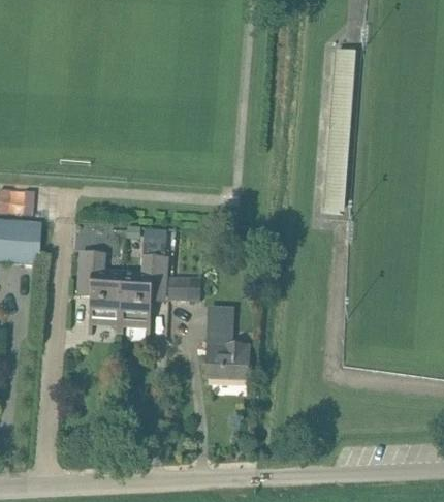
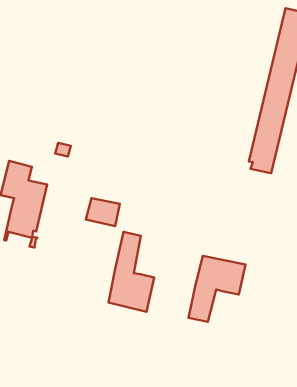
building: [117,241,167,336] -> none
building: none -> [188,256,245,322]

